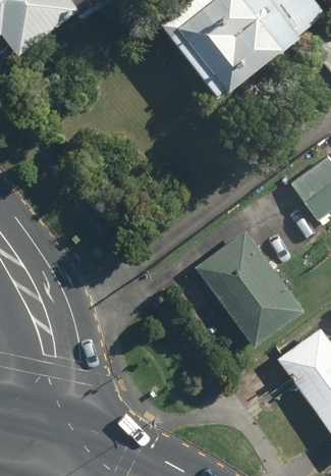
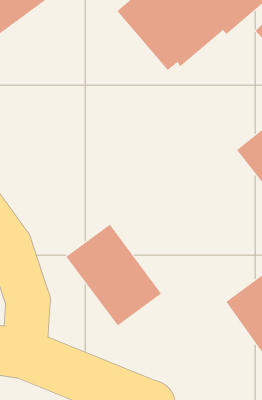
building: [195,230,305,348] -> [66,224,162,326]

